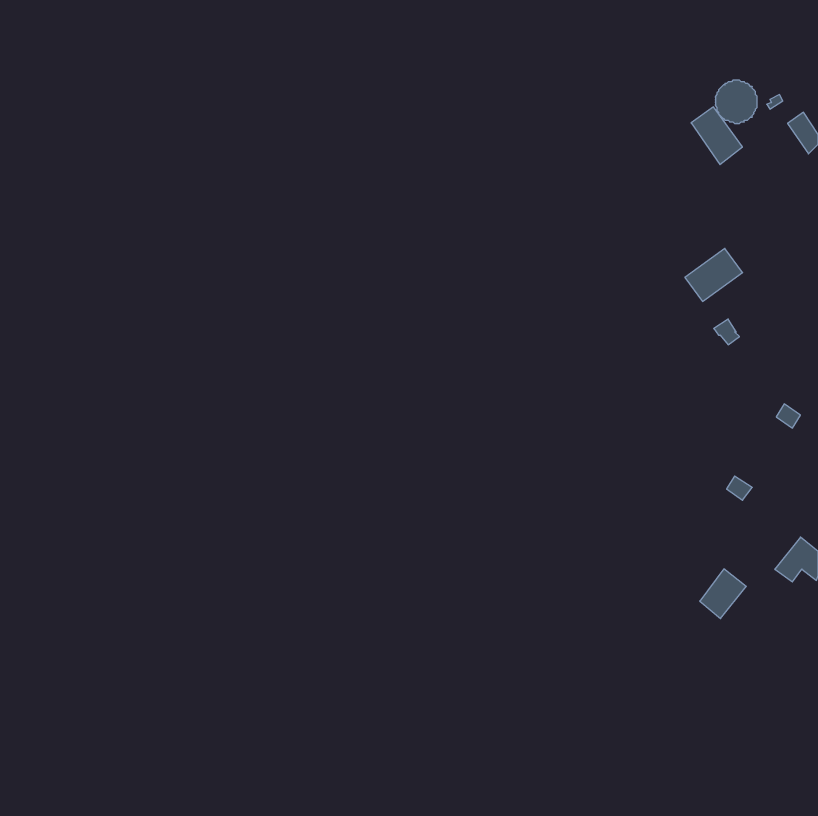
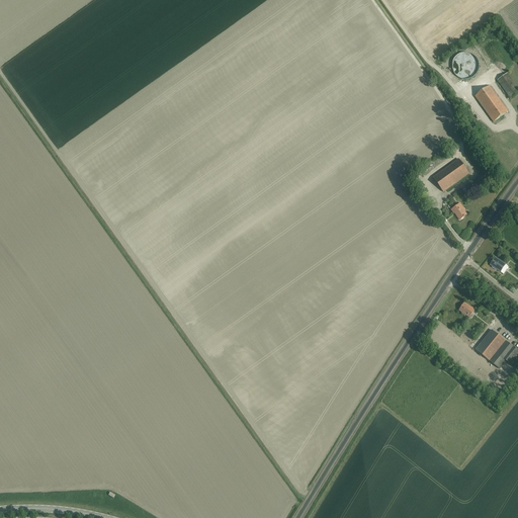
building: [691,107,742,165] -> [474,84,507,120]
building: [700,569,746,619] -> [476,328,505,359]

